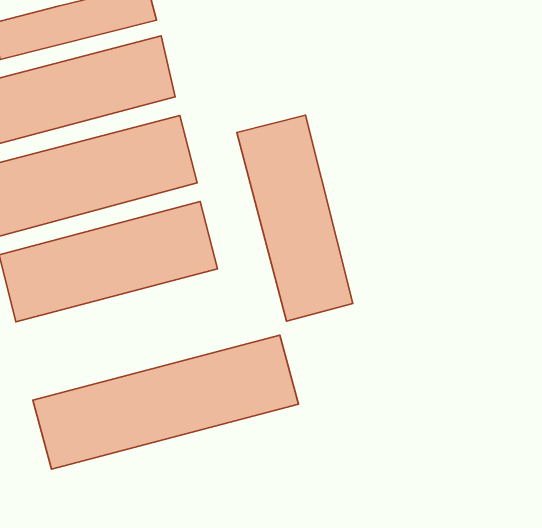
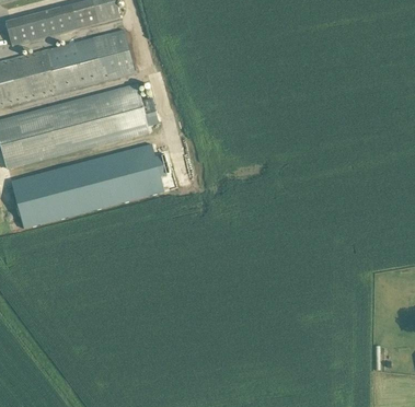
building: [237,115,353,321] -> none
building: [33,335,299,469] -> none

